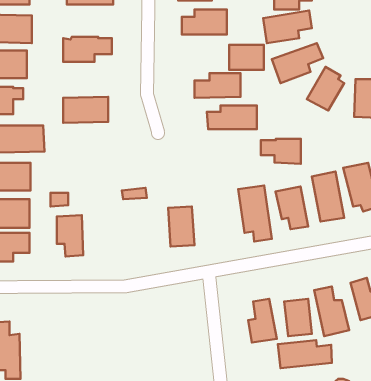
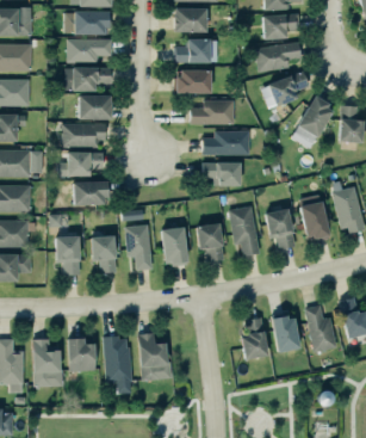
building: none -> [68,39,113,63]
building: [229,45,264,70] -> [179,70,212,94]
building: none -> [76,94,110,118]
building: none -> [56,150,101,175]
building: [261,139,301,164] -> [200,161,238,185]
building: none -> [72,180,110,204]
building: none -> [194,222,223,260]
building: none -> [125,226,151,269]
building: none -> [93,236,118,273]
building: none -> [136,332,170,381]
building: none -> [103,335,131,383]
building: none -> [67,337,95,371]
building: none -> [31,338,62,387]
building: [278,340,332,368] -> none

